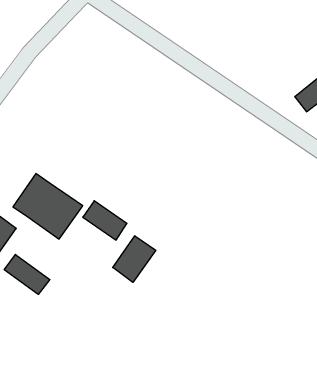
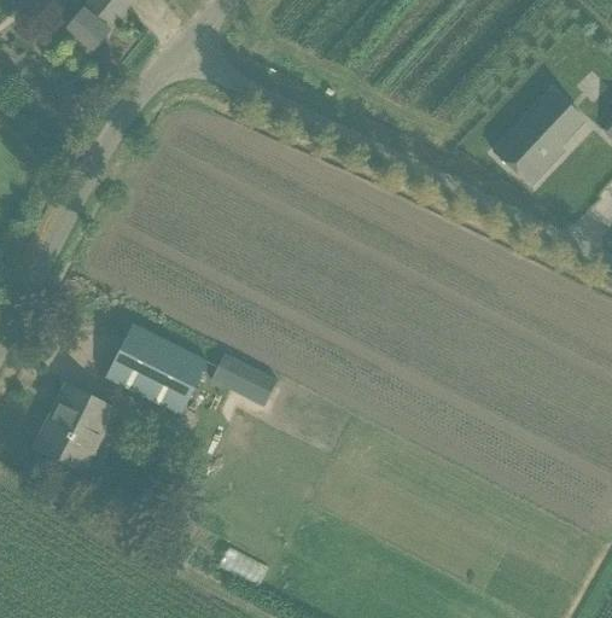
building: [113,236,156,282] -> none
building: [4,254,50,294] -> none

